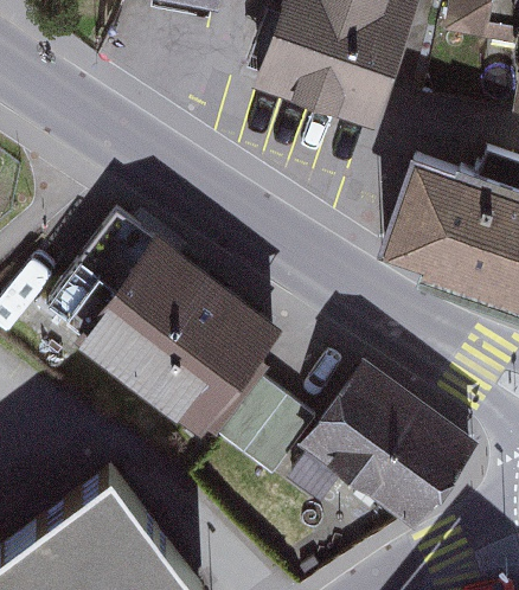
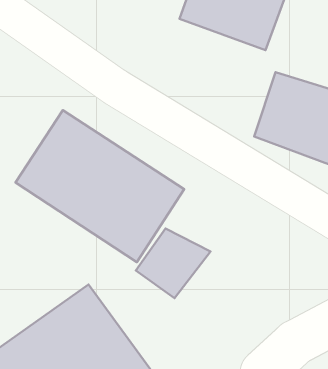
building: [312,365,468,512] -> none

